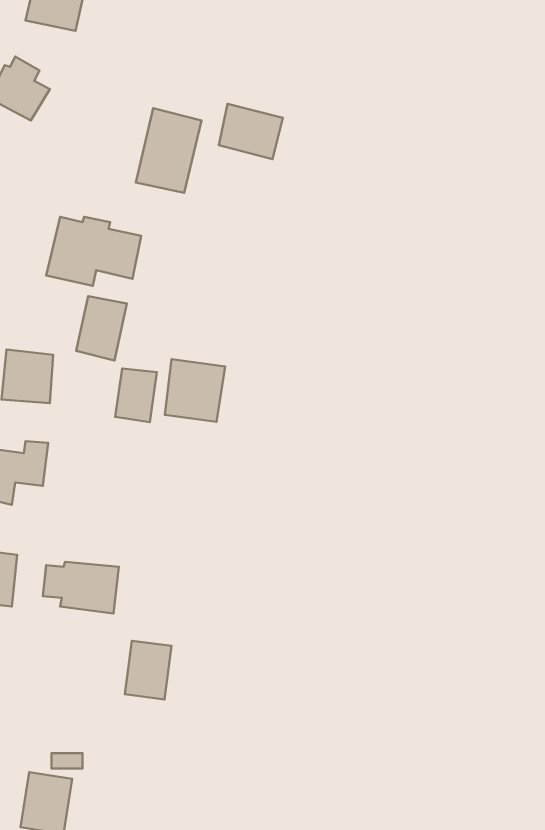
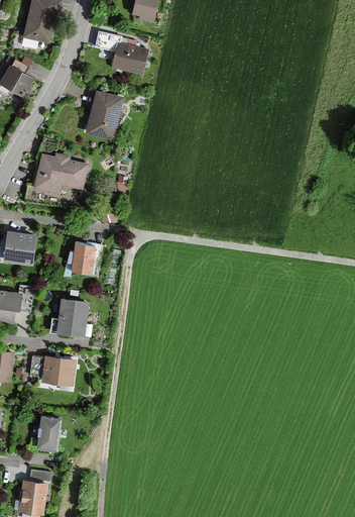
building: [219,104,283,159] -> [112,42,149,75]
building: [76,296,127,360] -> none
building: [165,359,225,422] -> none
building: none -> [57,300,89,338]
building: [125,641,171,699] -> [36,418,64,452]

